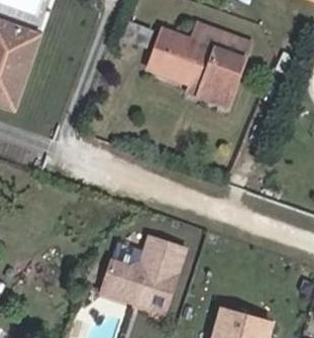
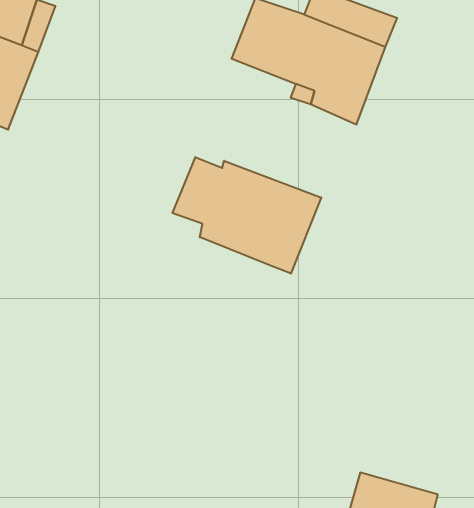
building: none -> [173,157,321,274]
building: [98,238,184,315] -> none

